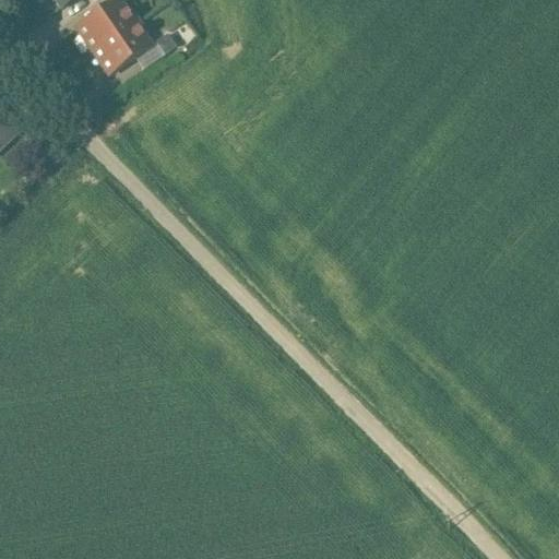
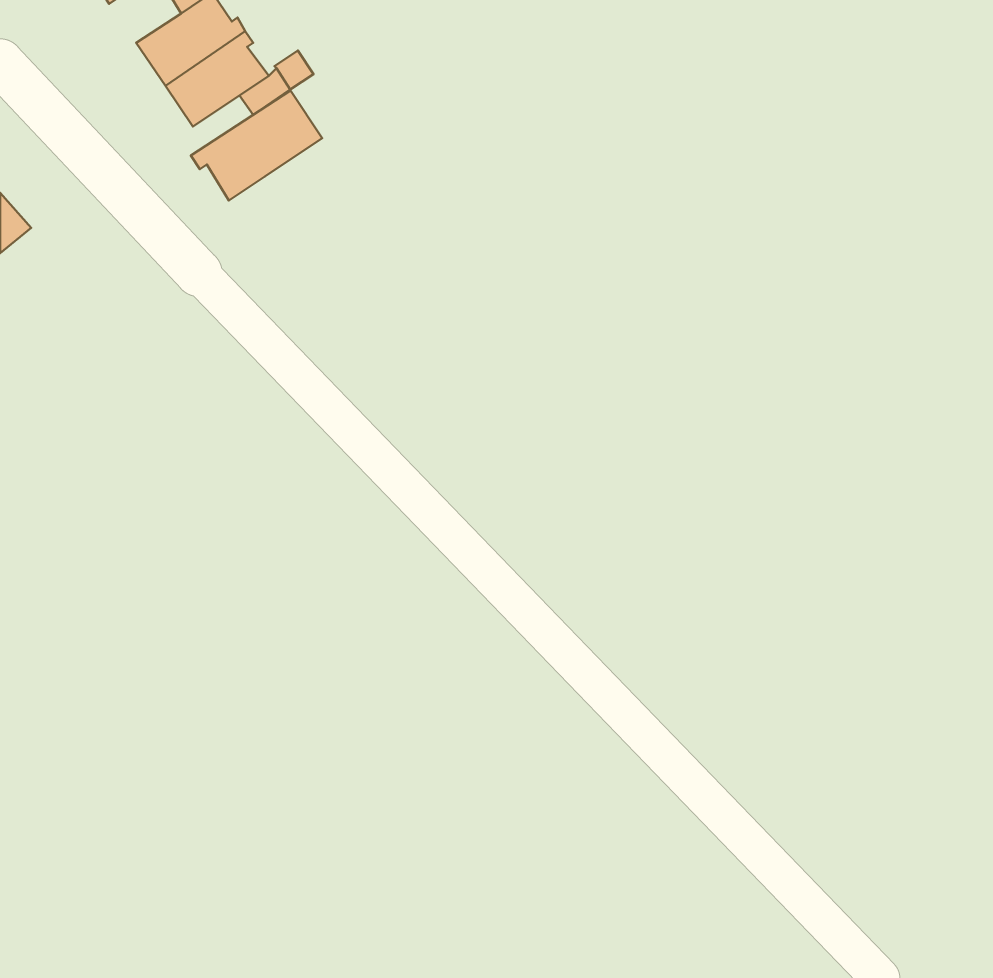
building: none -> [191,91,322,201]

